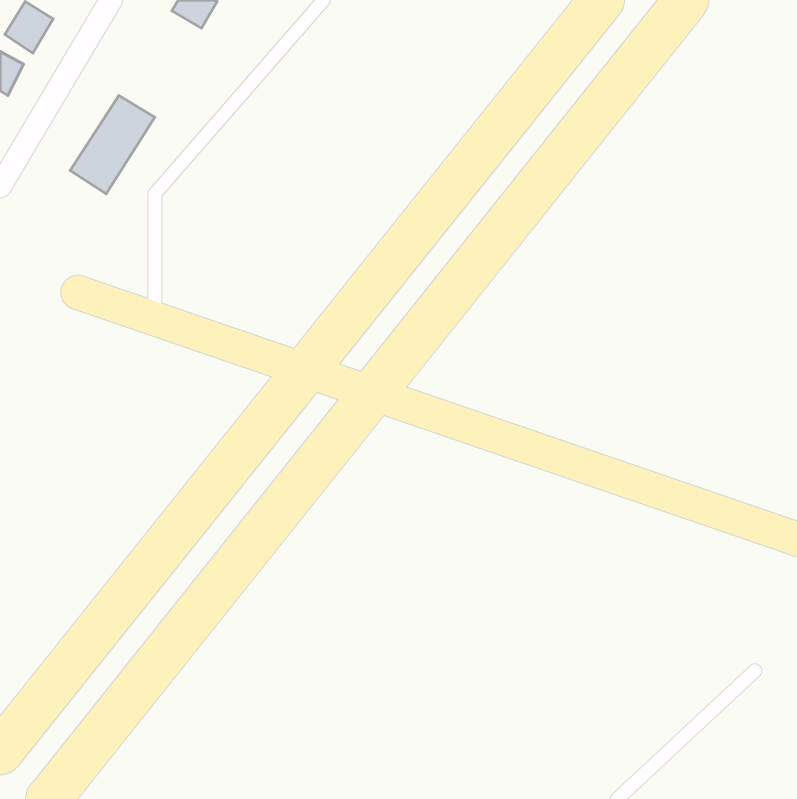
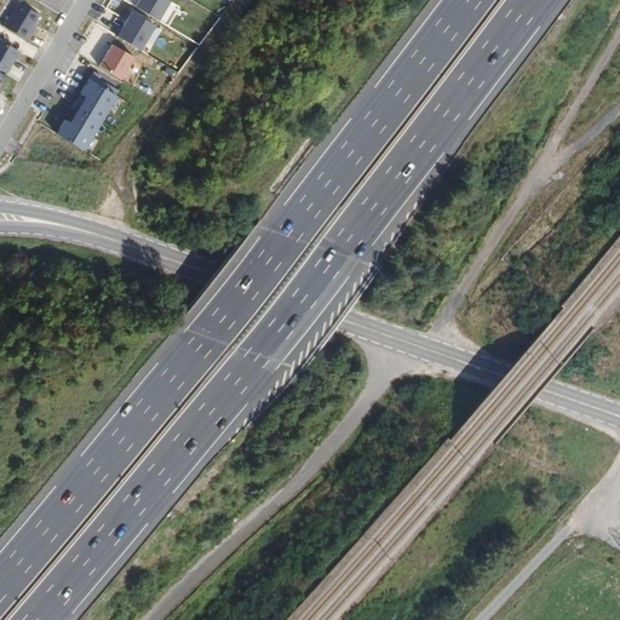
building: none -> [117,11,155,50]
building: none -> [101,44,138,82]

